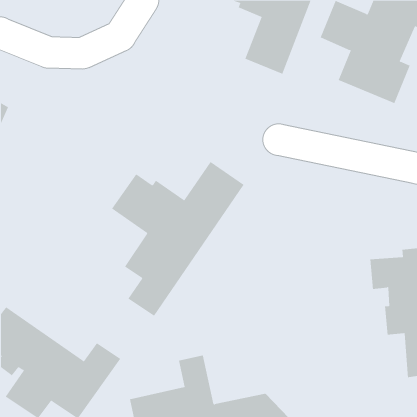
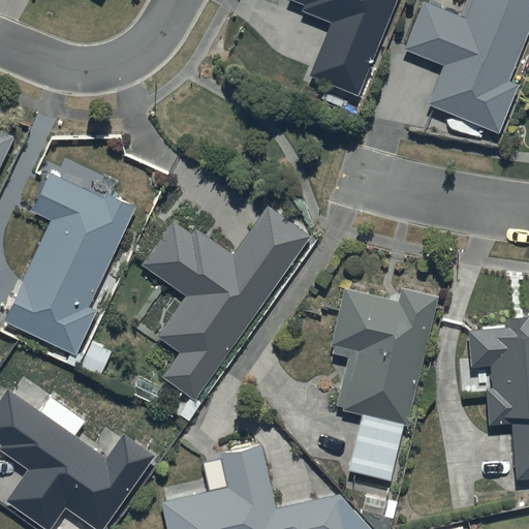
building: none -> [5,172,135,352]
building: none -> [332,286,437,480]

